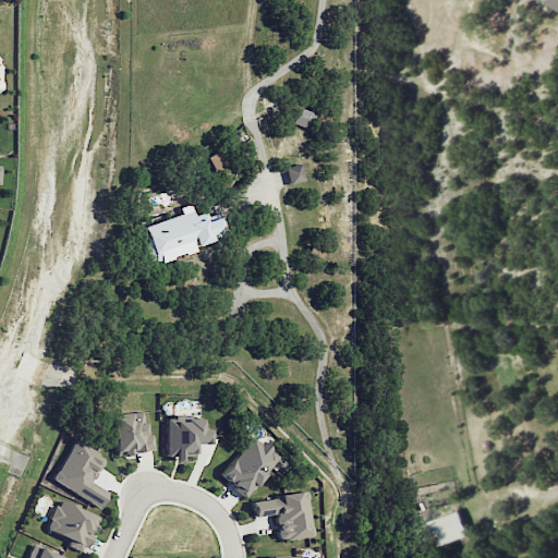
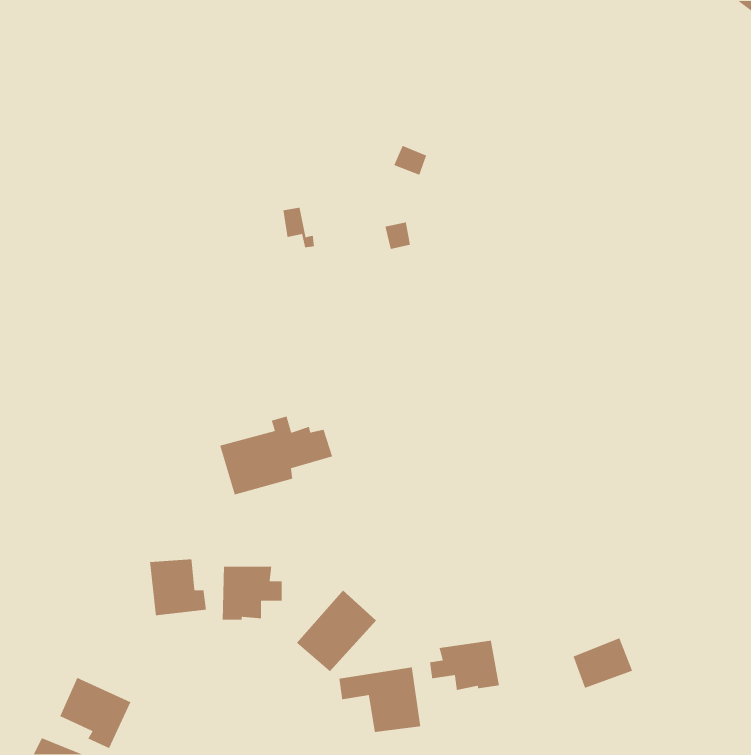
building: [143,204,227,263] -> [219,416,333,495]
building: [53,439,110,508] -> none
building: none -> [429,640,500,691]
building: [426,510,471,548] -> [573,637,633,689]

